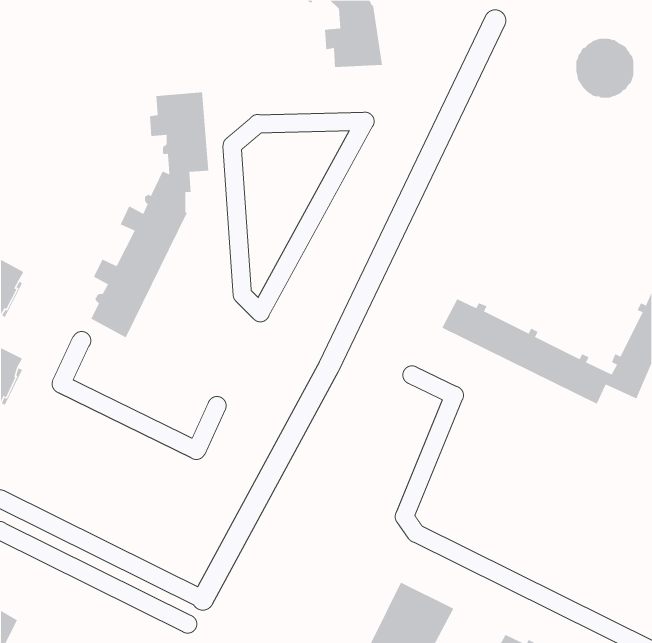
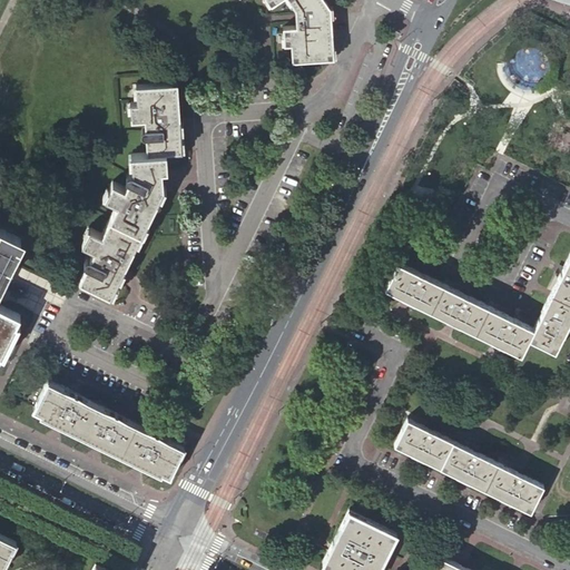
building: none -> [35,386,184,481]
building: none -> [395,424,543,517]

